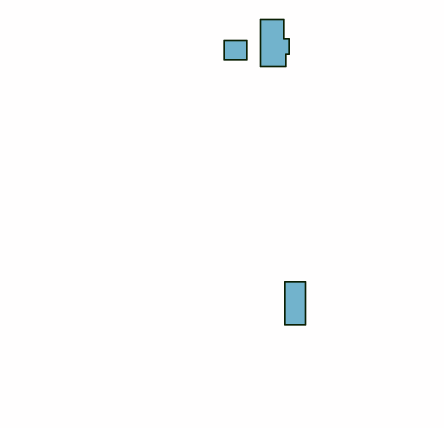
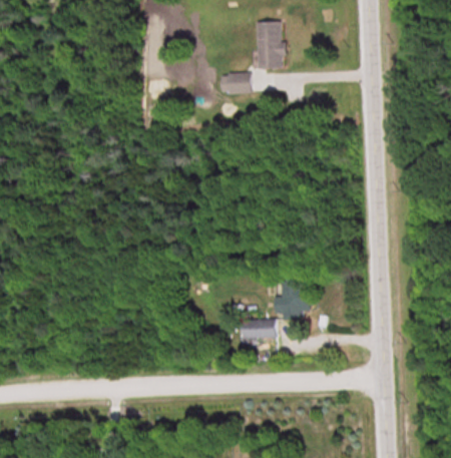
building: [224,40,247,60] -> [228,74,250,93]
building: none -> [241,321,276,340]

